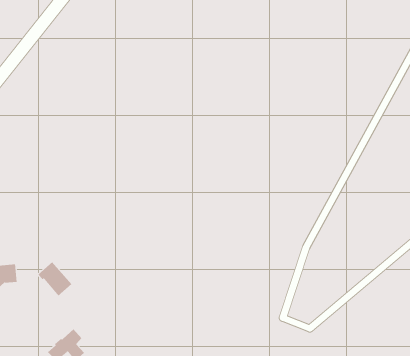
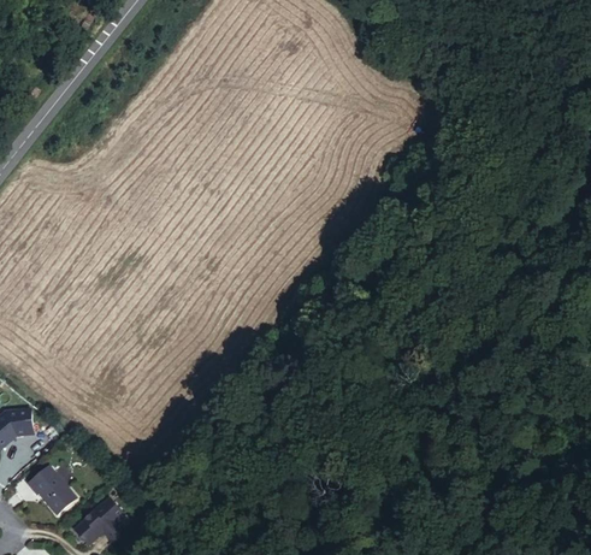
building: [37,262,72,296] -> [29,466,77,514]

